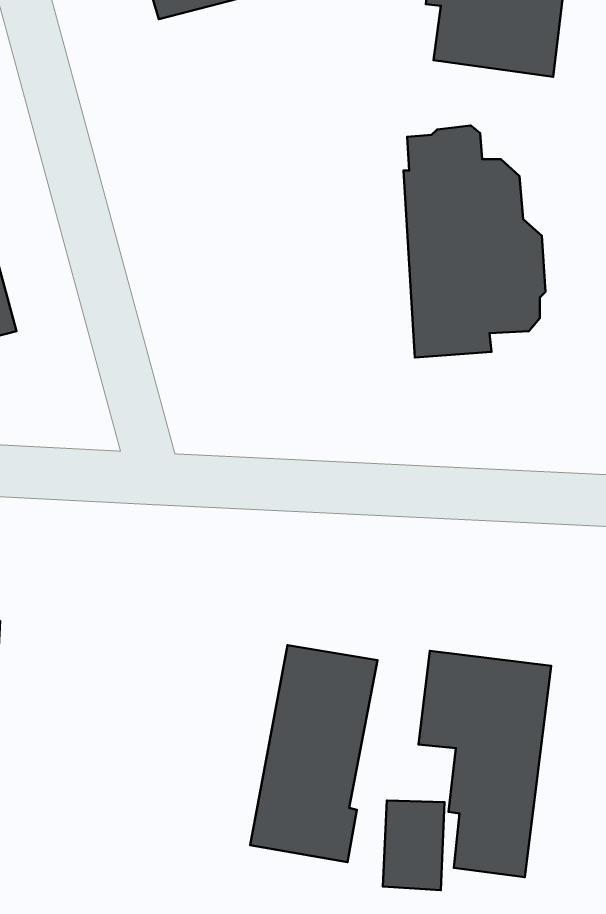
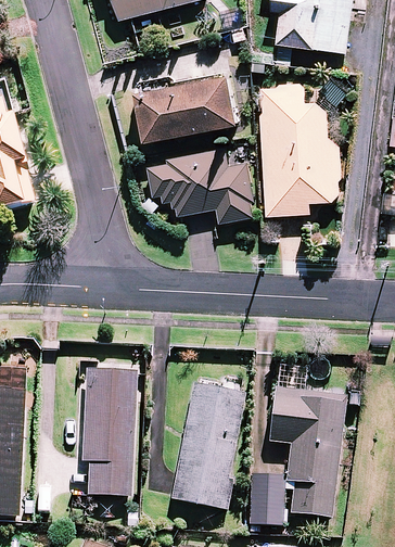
building: none -> [137,75,239,141]
building: none -> [149,147,256,222]
building: none -> [81,368,137,496]

